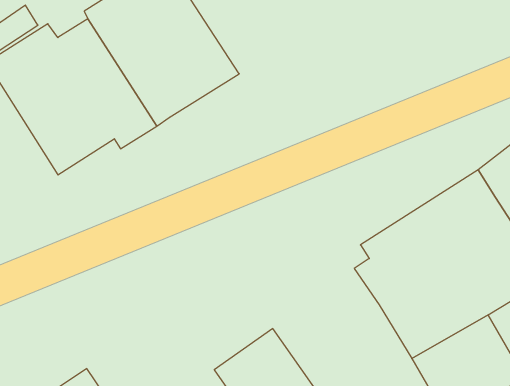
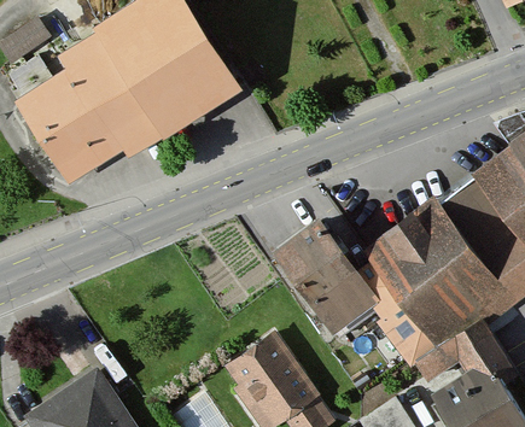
building: none -> [279,221,379,337]

